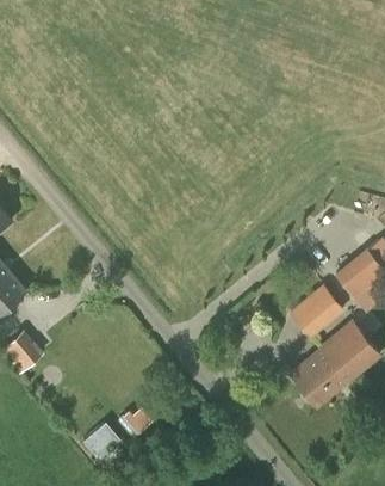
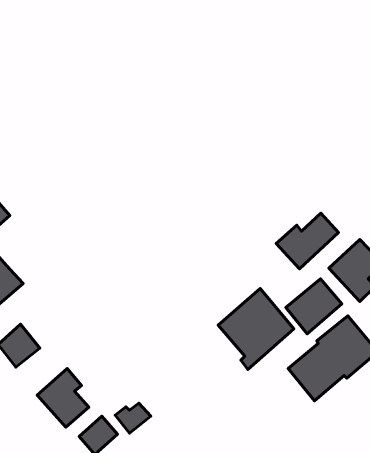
building: none -> [276,213,338,269]
building: none -> [218,288,294,370]
building: none -> [37,368,89,427]

